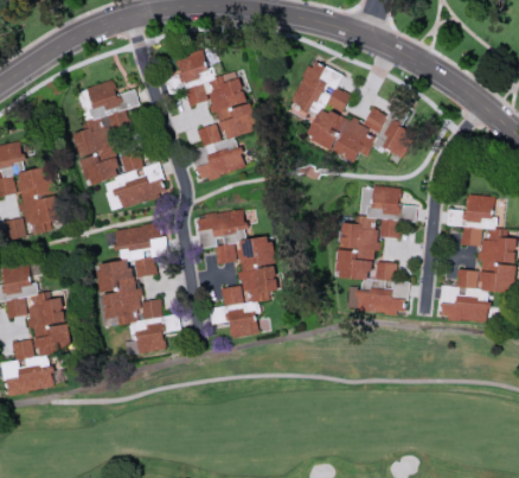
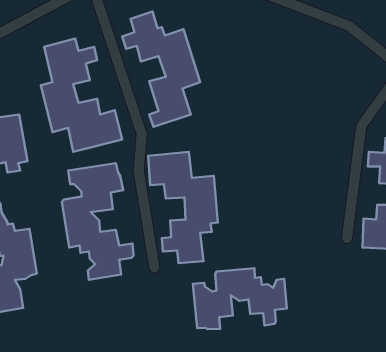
building: [287,59,415,160] -> none
building: [340,185,406,313] -> none
building: none -> [193,268,287,329]

